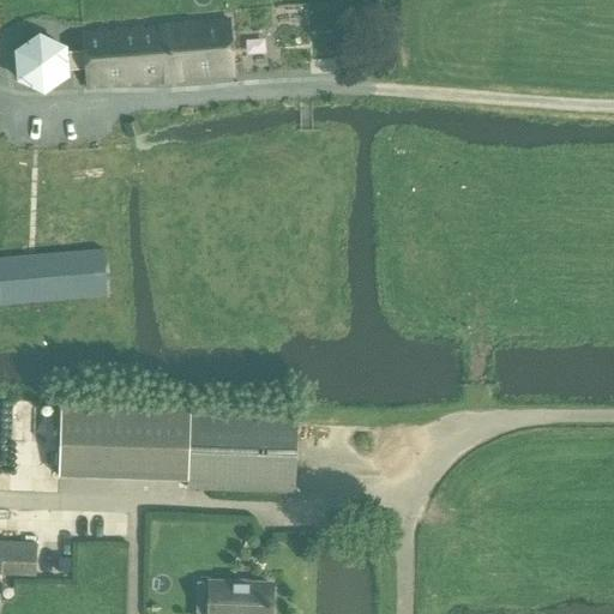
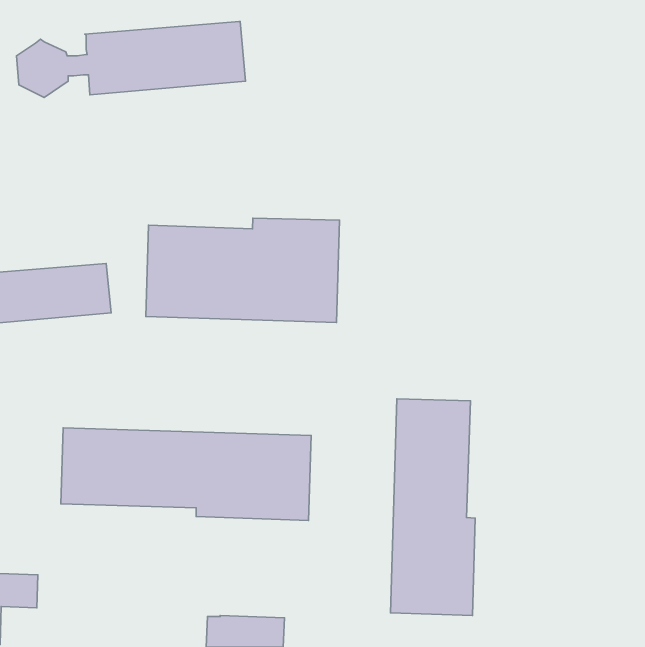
building: none -> [146,218,340,322]
building: none -> [390,399,475,615]

